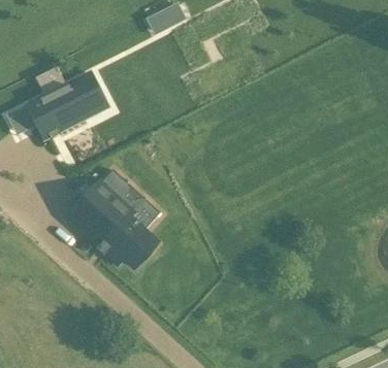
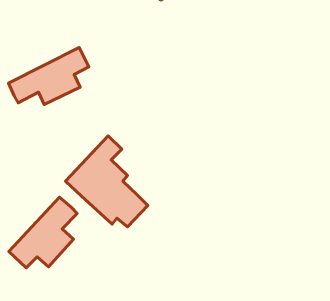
building: none -> [9,197,77,268]

